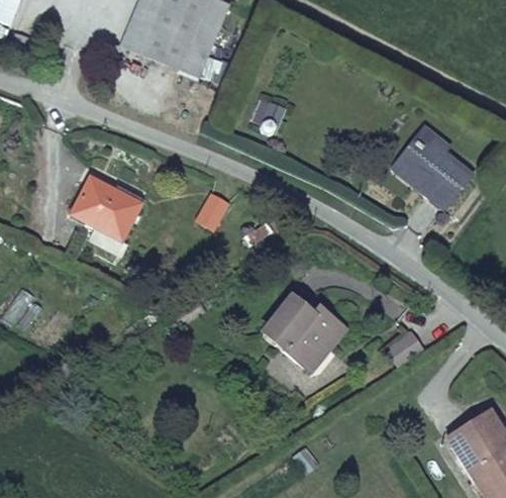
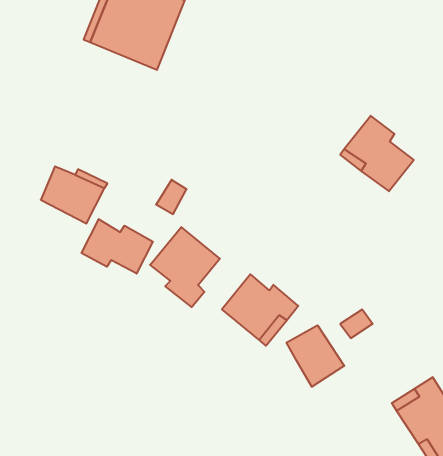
building: none -> [82,219,153,274]
building: none -> [150,227,220,307]
building: none -> [287,325,344,387]

